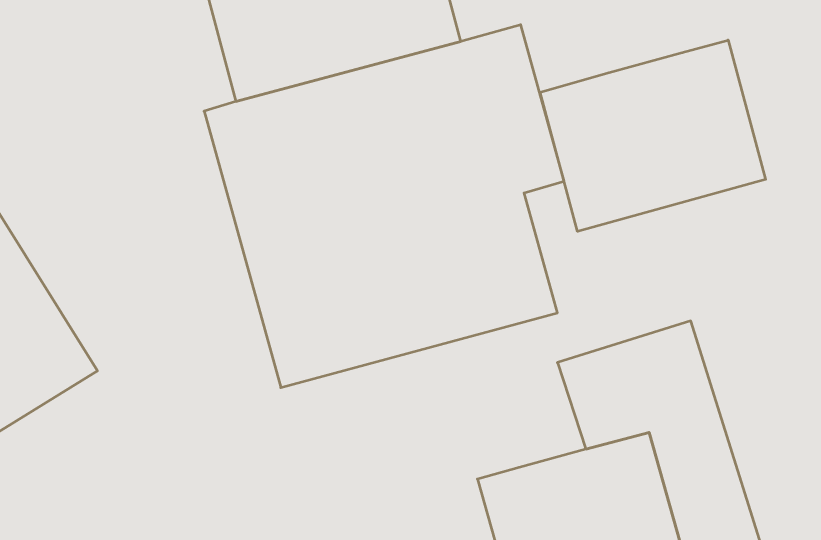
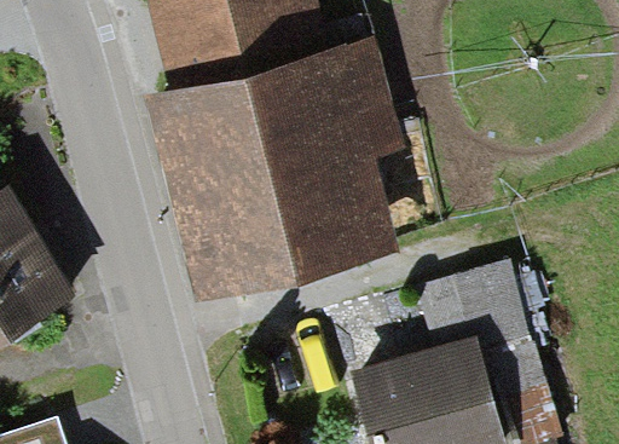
building: [540,40,766,231] -> none

